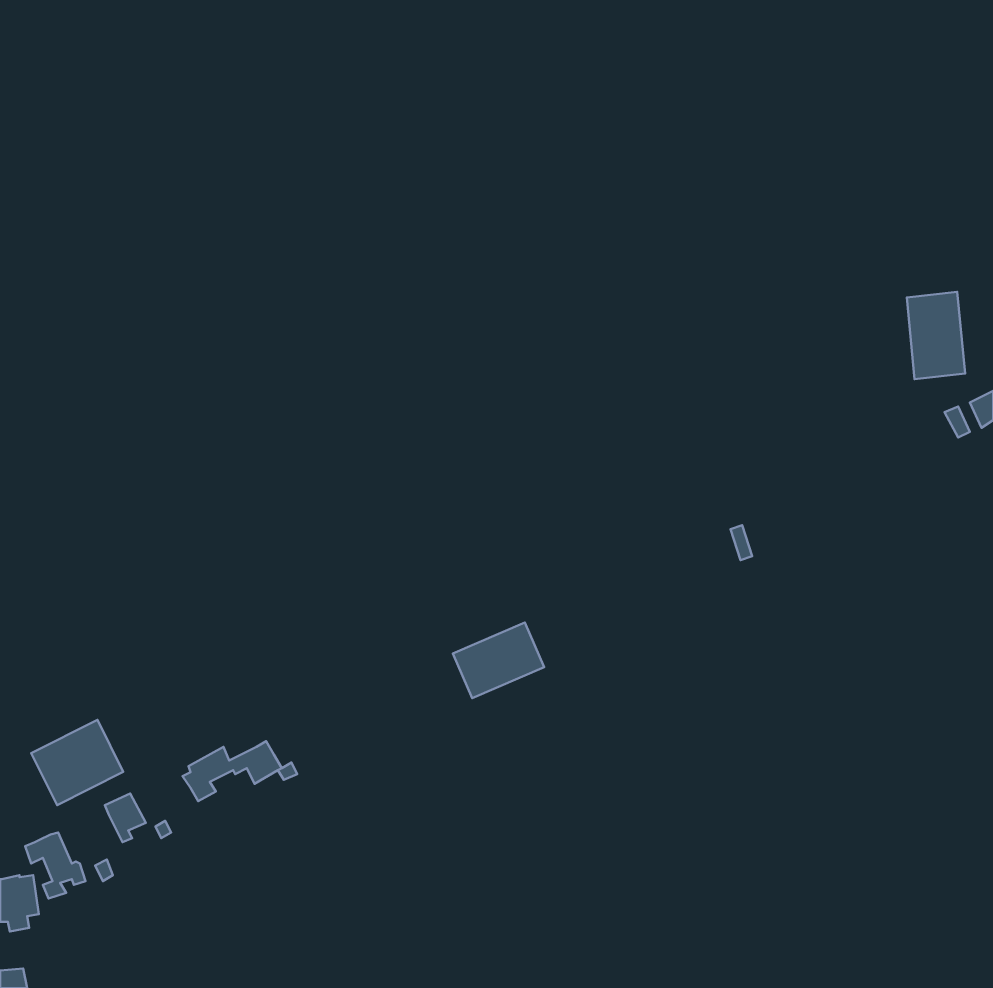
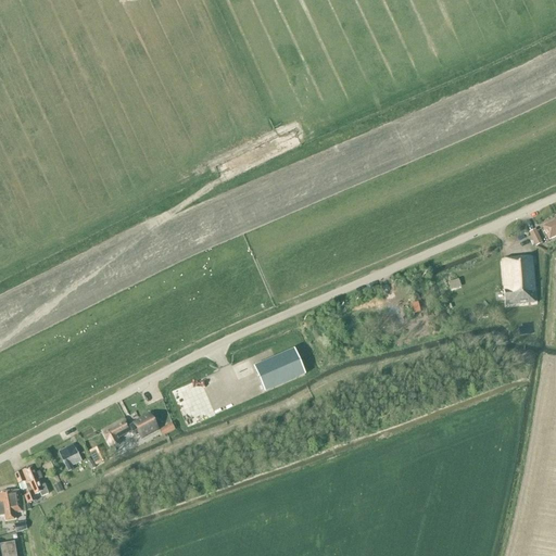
building: [907,292,965,379] -> [504,255,536,304]
building: [31,720,123,805] -> none

